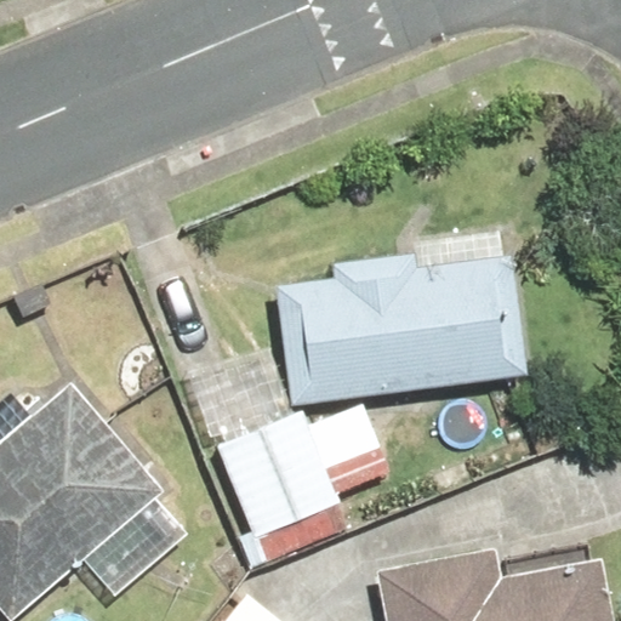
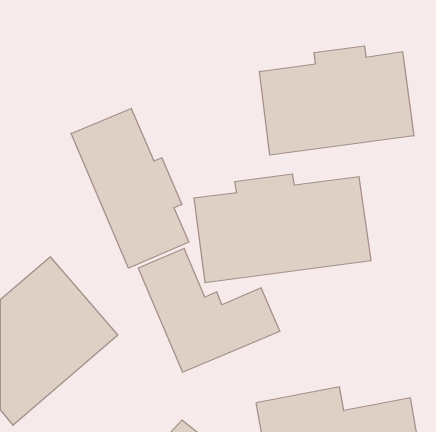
building: none -> [260,46,414,155]
building: none -> [71,108,189,268]

